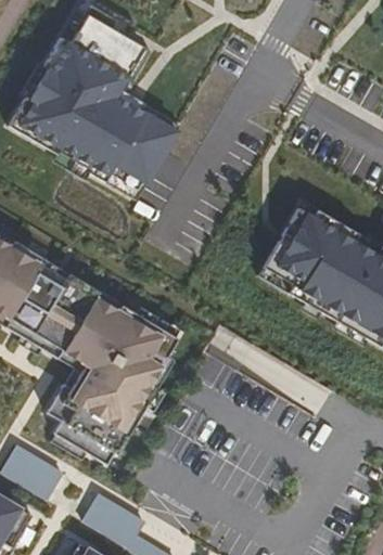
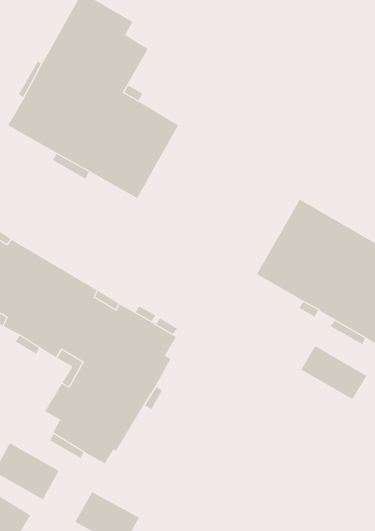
building: none -> [301,345,367,400]

